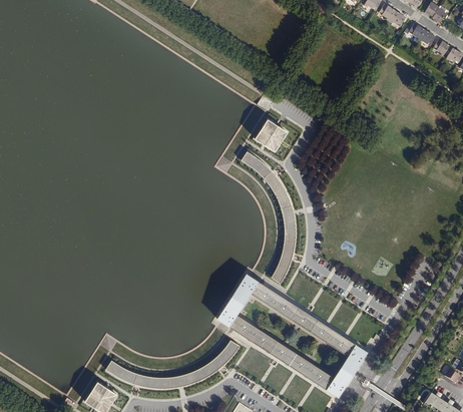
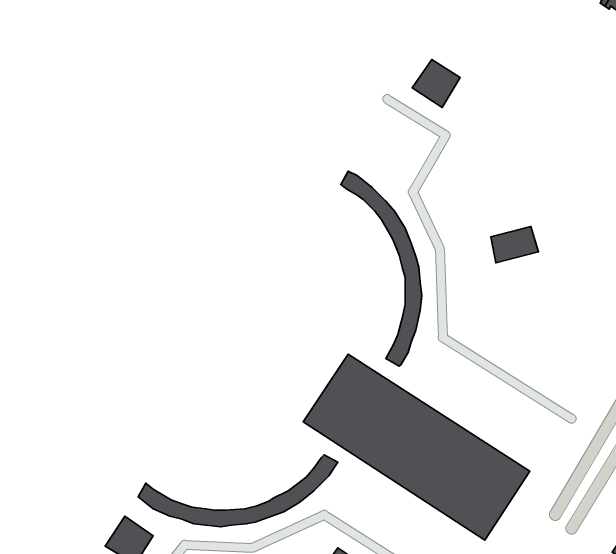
building: [255,119,287,151] -> [412,59,460,107]
building: none -> [491,227,538,263]

